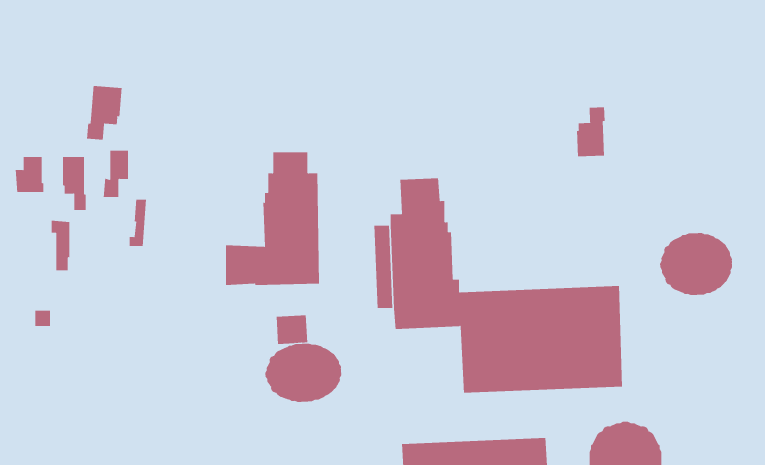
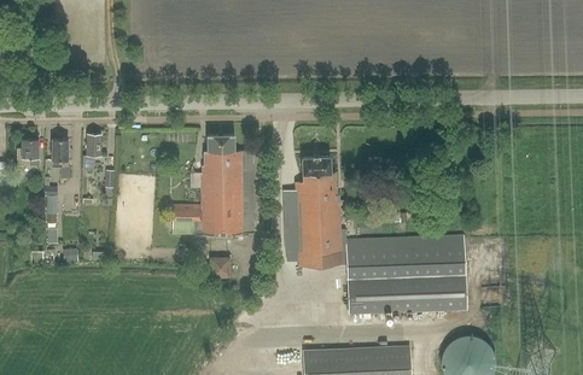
building: [87,85,122,141] -> none
building: [576,107,605,157] -> none
building: [660,232,733,296] -> none
building: [265,343,342,403] -> none

